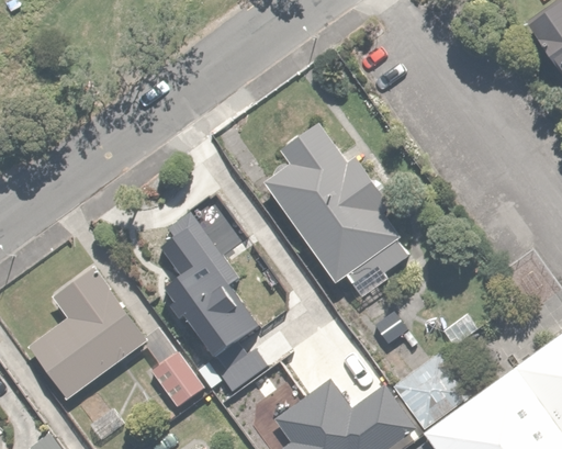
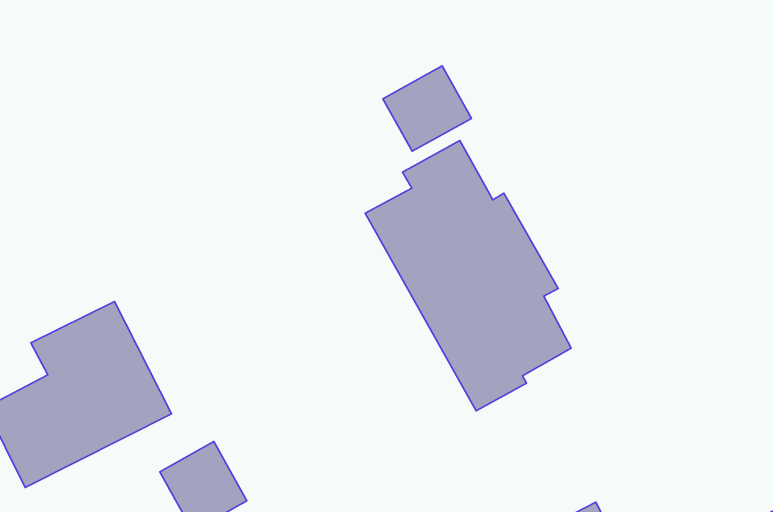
building: none -> [383,66,471,151]
building: [156,197,260,374] -> none

